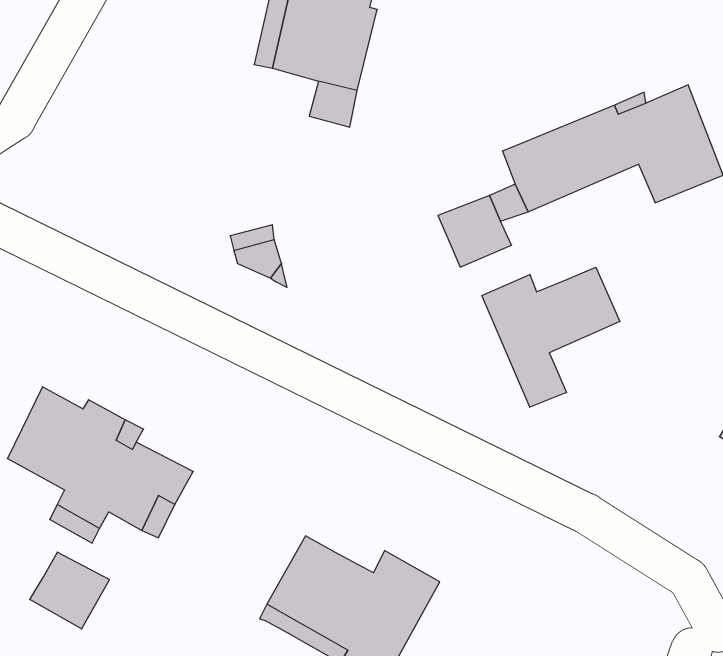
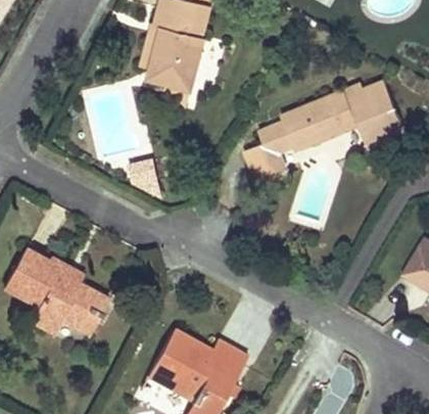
building: [482,267,620,407] -> none
building: [30,552,109,629] -> none

